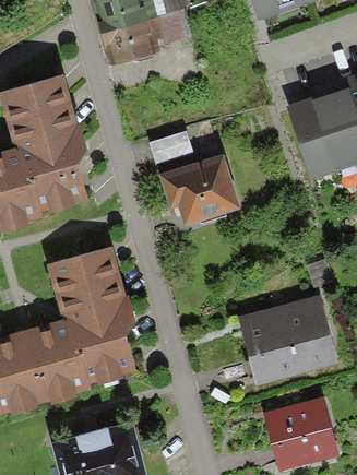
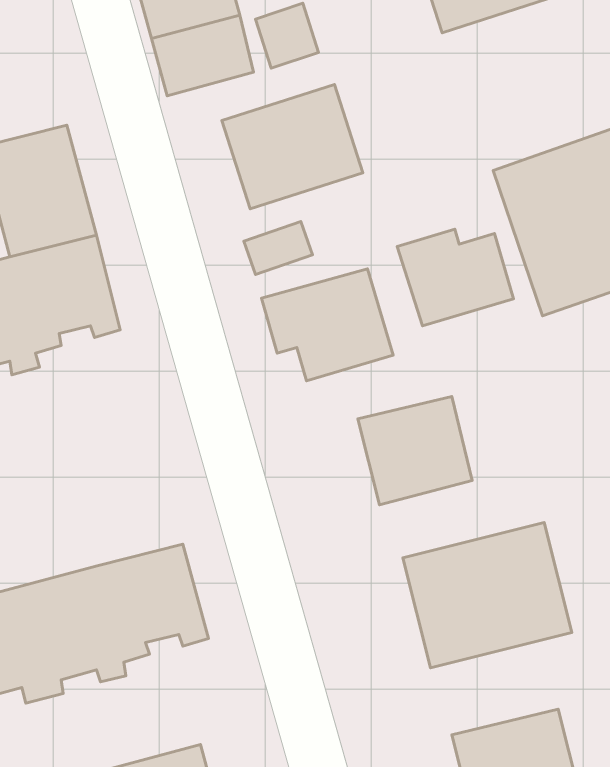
building: none -> [222,84,363,209]
building: none -> [397,229,514,326]
building: none -> [358,396,472,505]
building: [55,249,118,322] -> none

